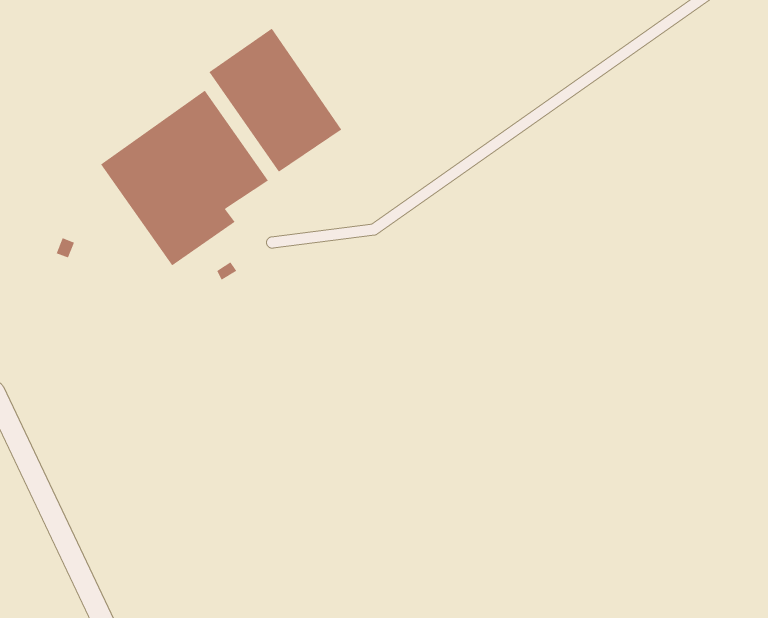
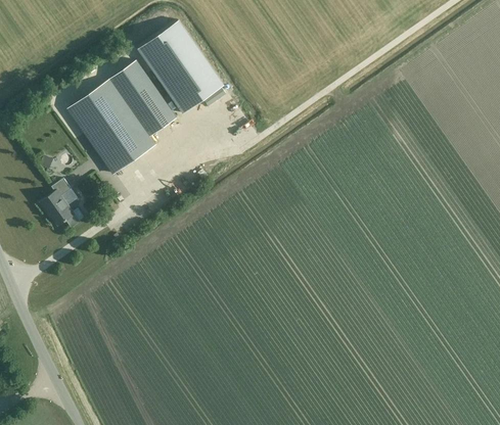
building: none -> [40,178,75,226]

